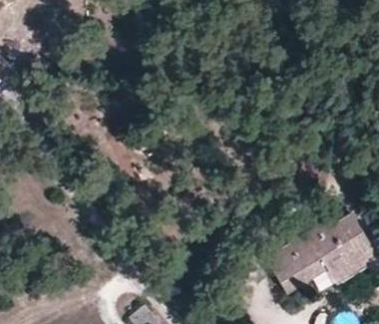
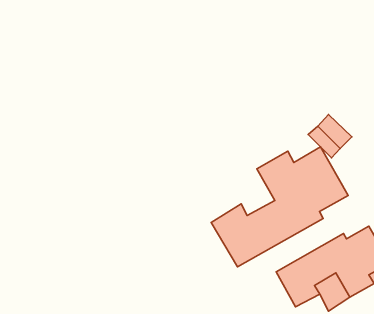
building: none -> [211,147,348,267]

